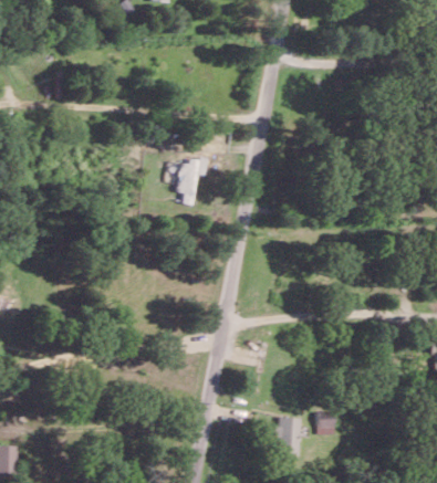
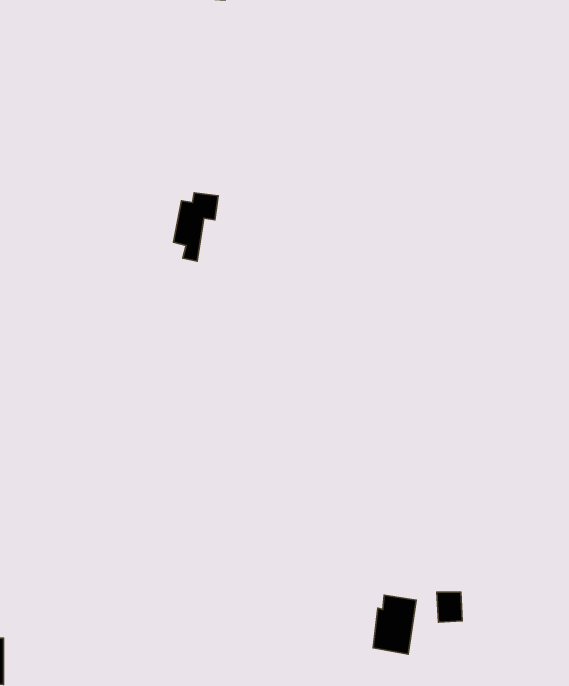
building: [176,157,207,204] -> [173,193,218,261]

